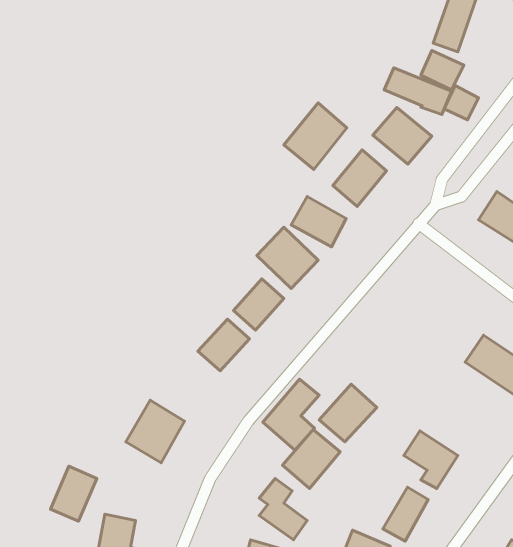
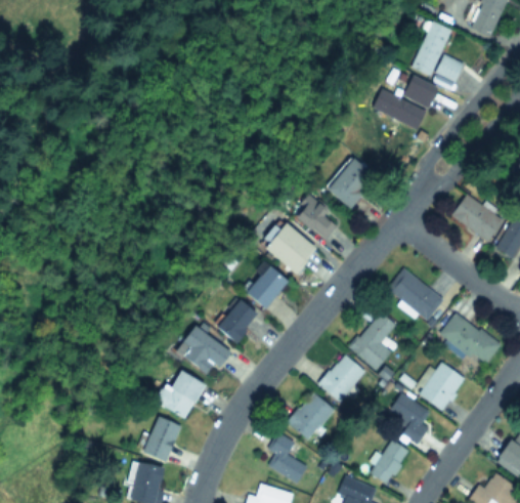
building: [444,86,478,120] -> [435,54,464,83]
building: [284,103,347,169] -> none
building: [373,107,432,164] -> none
building: none -> [386,267,443,321]
building: none -> [175,326,228,376]
building: [263,379,319,450] -> [349,311,396,371]
building: none -> [419,362,465,411]
building: [50,466,97,521] -> [142,416,181,462]

